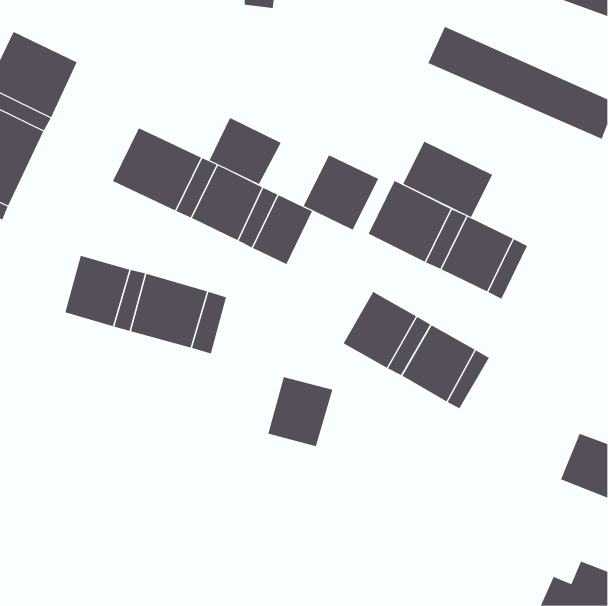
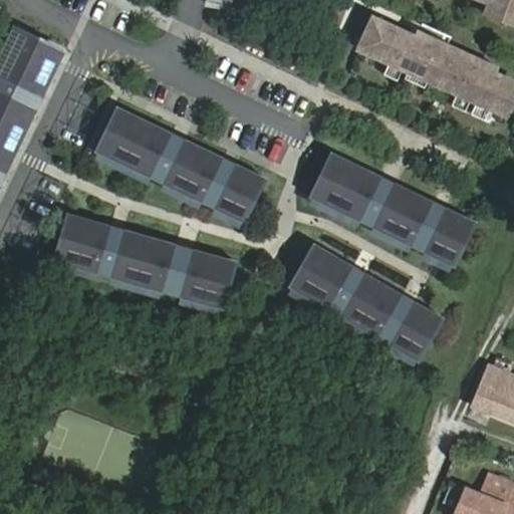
building: [209,117,281,185] -> none
building: [402,141,493,218] -> none
building: [303,154,379,230] -> none
building: none -> [422,207,473,266]
building: none -> [387,301,439,360]
building: [268,376,333,447] -> [178,250,233,309]

